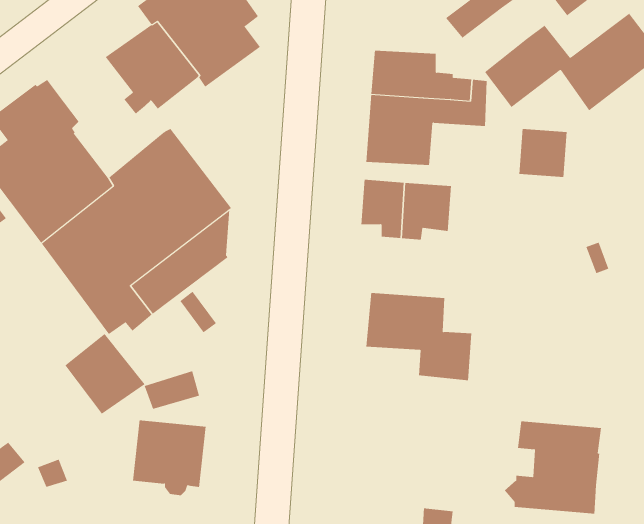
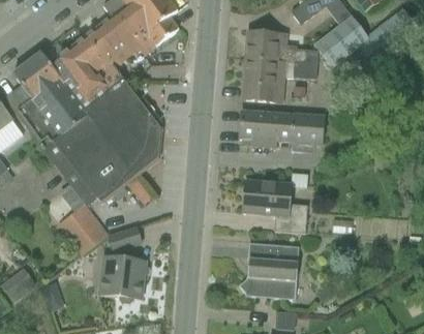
building: none -> [54,35,119,109]
building: [519,128,568,177] -> [293,114,323,144]
building: [504,421,602,514] -> [239,242,299,299]

